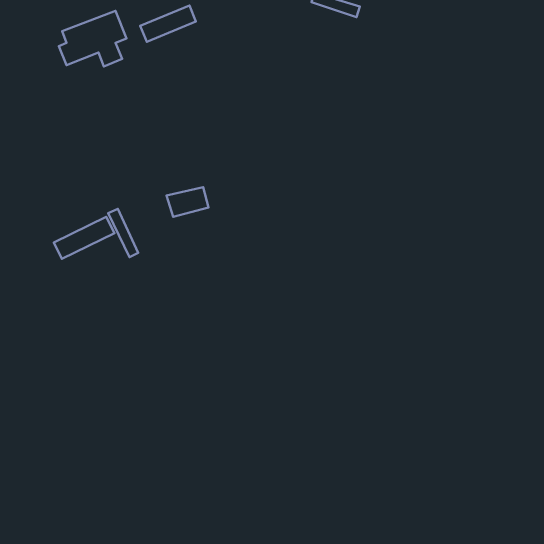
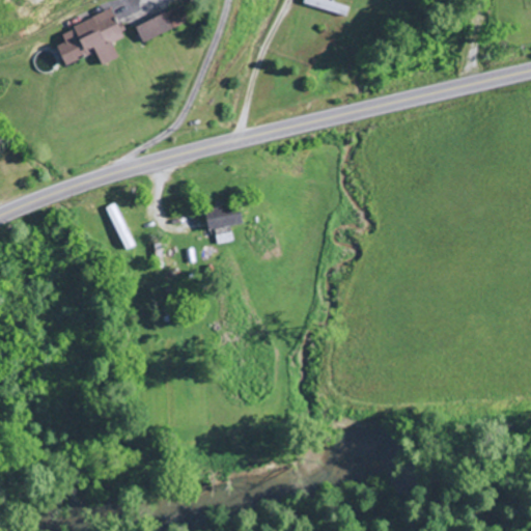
building: [167,187,208,217] -> [203,202,244,231]
building: [54,217,115,259] -> none

